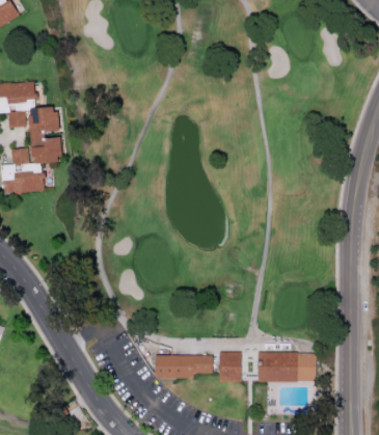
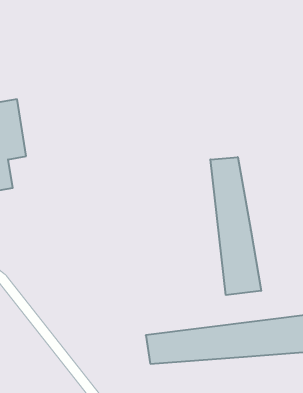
building: none -> [210,157,261,295]

